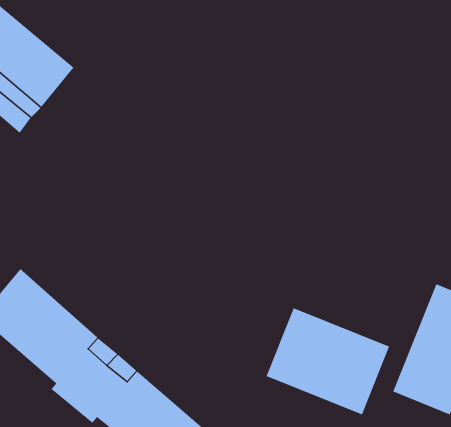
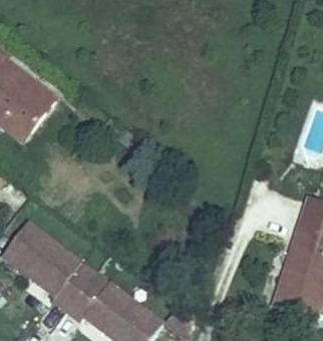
building: [266,307,390,416] -> none

